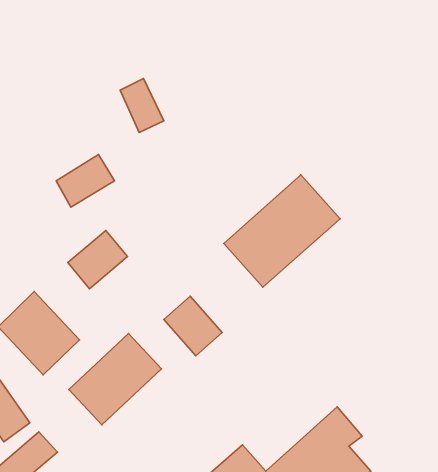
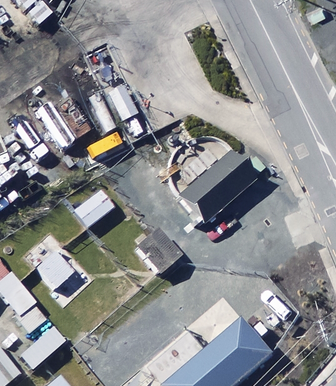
building: [69,333,161,425] -> none

